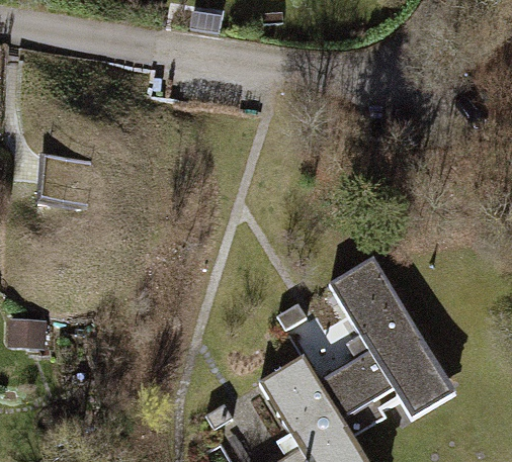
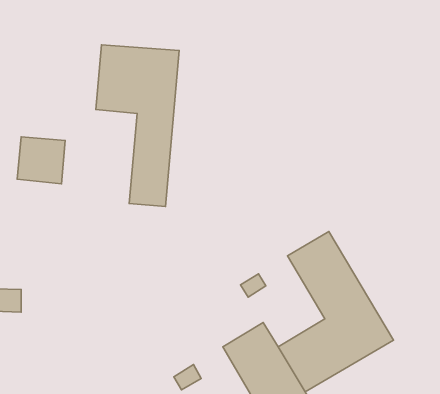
building: none -> [96,45,179,206]

